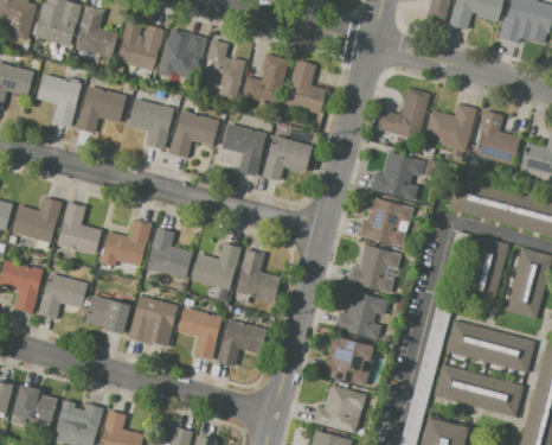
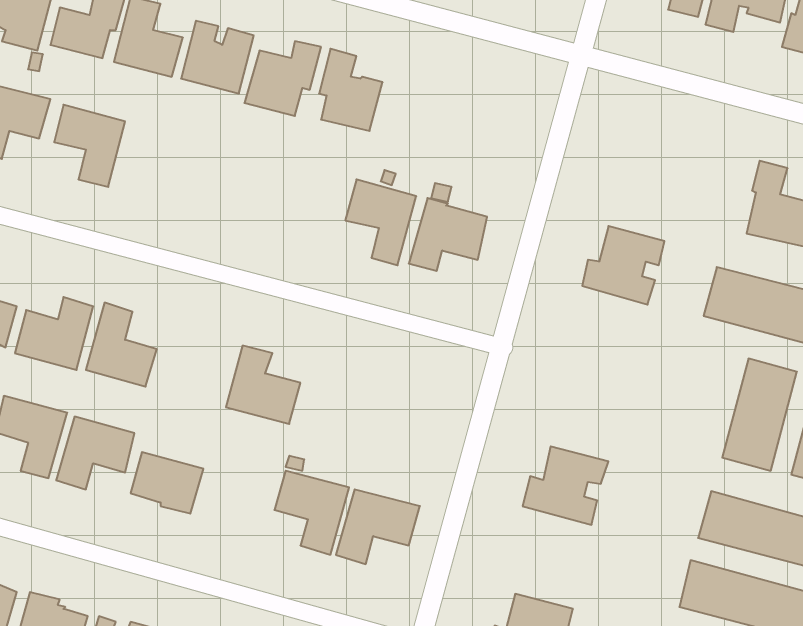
building: [243,53,289,103] -> none
building: [285,61,327,113] -> none
building: [77,85,126,133] -> none
building: [378,89,429,139] -> none
building: [128,98,174,150] -> none
building: [426,104,477,152] -> none
building: [169,110,218,160] -> none
building: [359,196,412,248] -> none
building: [98,220,152,267] -> none
building: [191,243,240,291] -> none
building: [347,244,399,294] -> none
building: [235,249,282,301] -> none
building: [128,295,179,343] -> none
building: [323,336,376,386] -> none

